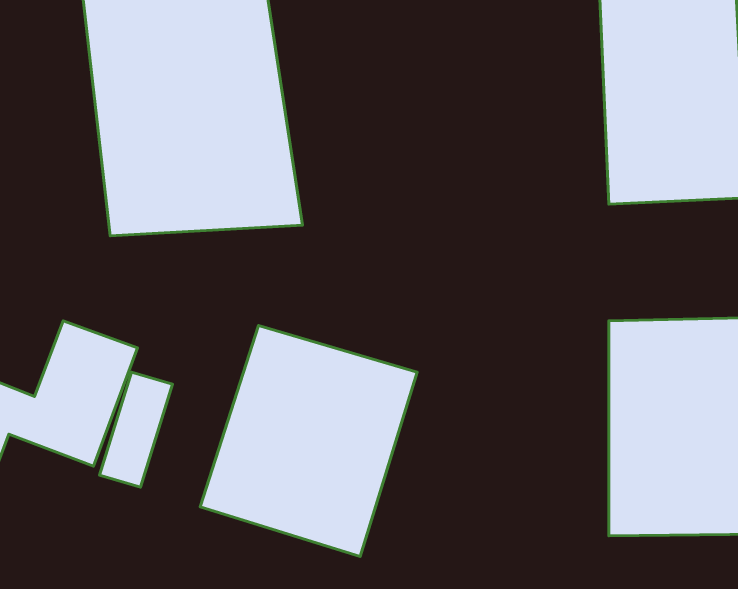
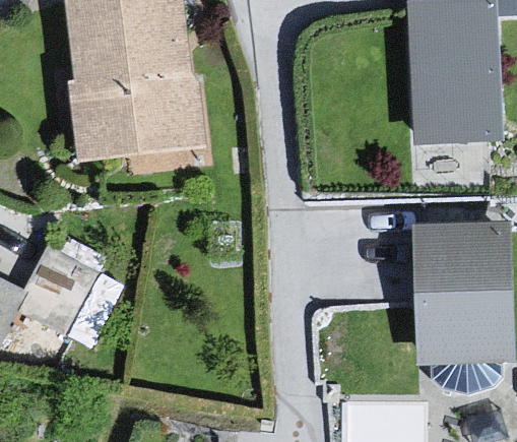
building: [200,326,417,556] -> none

